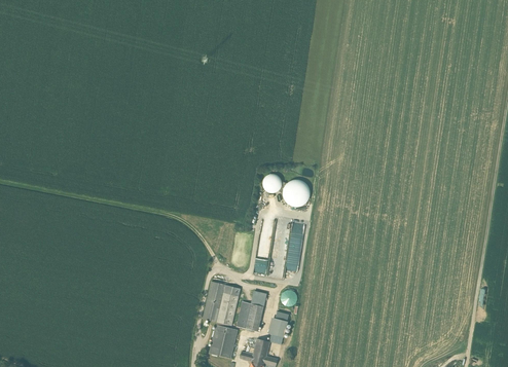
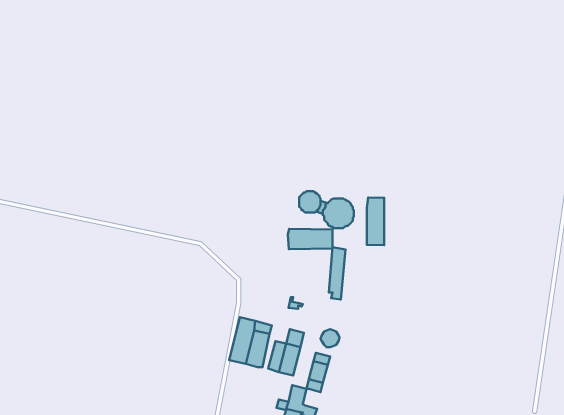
building: none -> [367,198,384,245]
building: none -> [288,229,332,249]
building: [209,325,235,358] -> none

